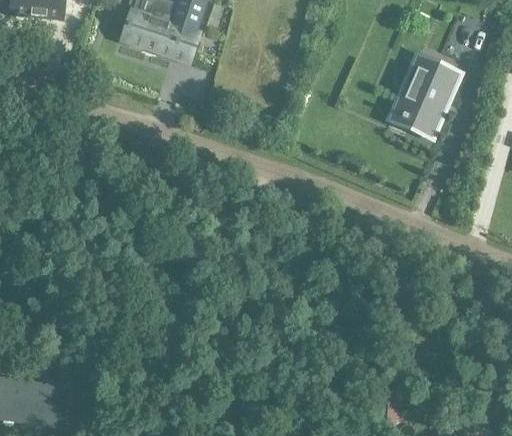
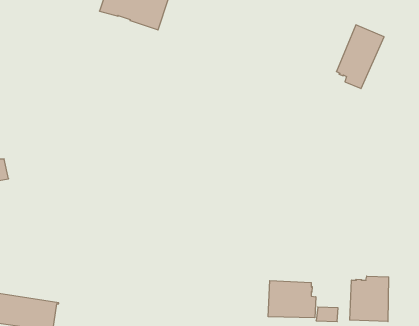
building: none -> [350,276,389,322]
building: none -> [268,281,316,318]

